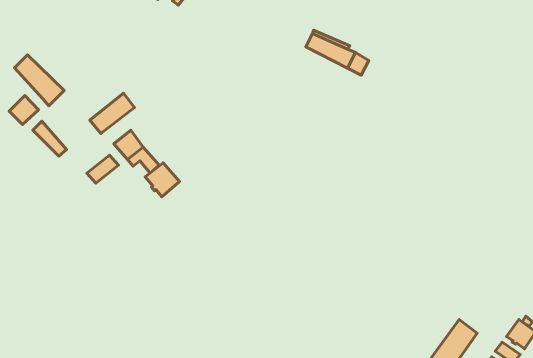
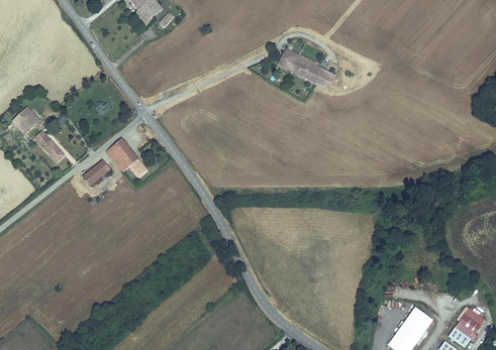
building: [15,55,64,106] -> none
building: [90,93,134,133] -> none
building: [145,163,180,197] -> none

